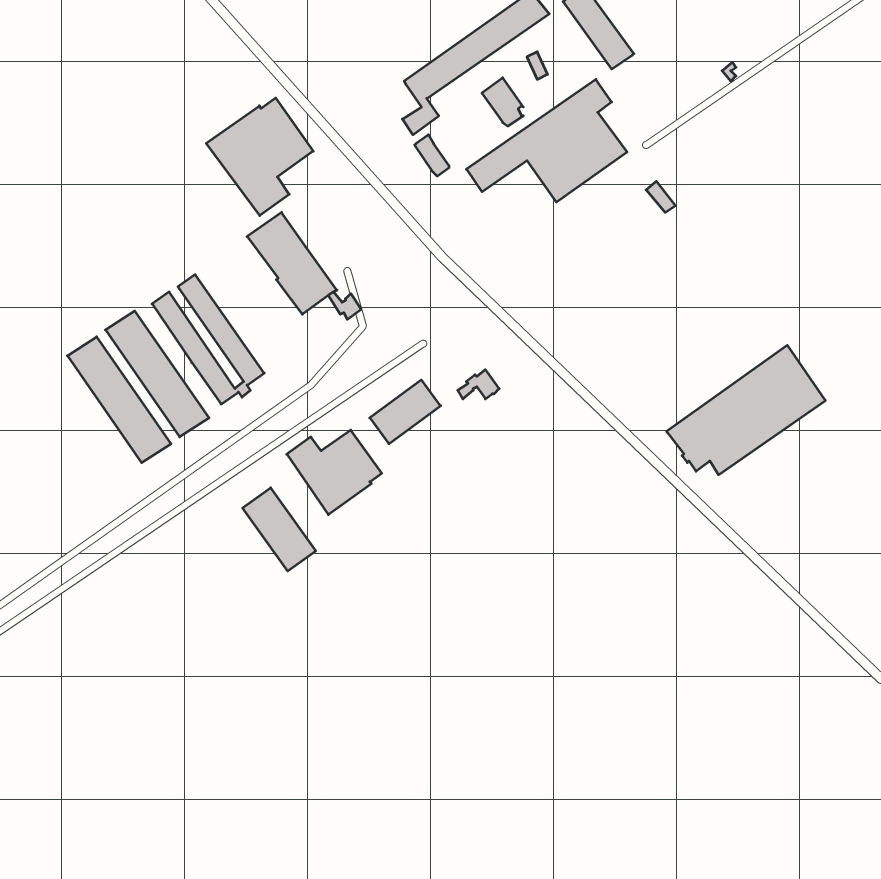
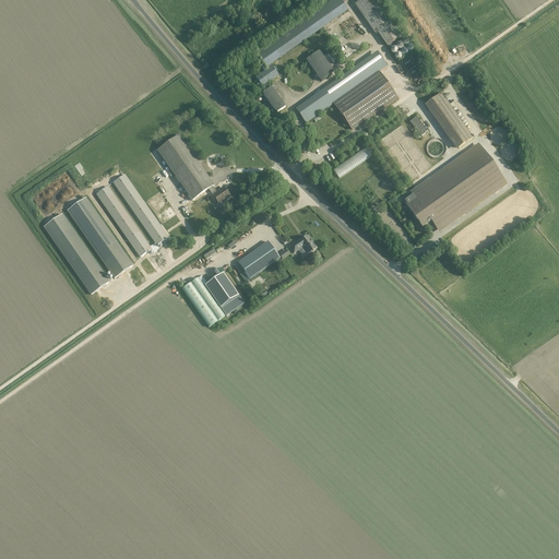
building: [206,98,313,216] -> none
building: none -> [426,91,473,146]
building: [667,345,825,475] -> [403,145,503,227]
building: [243,488,316,571] -> none

